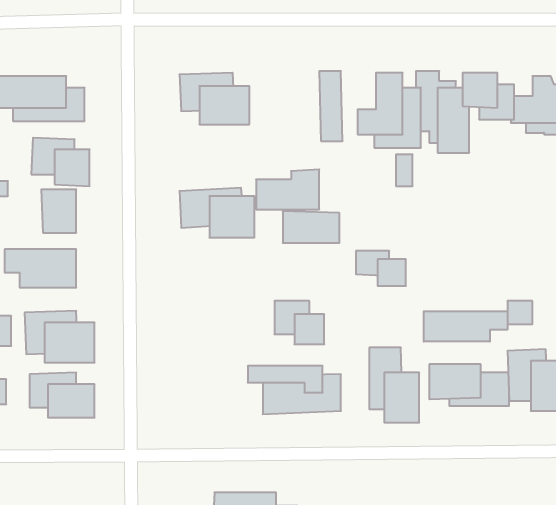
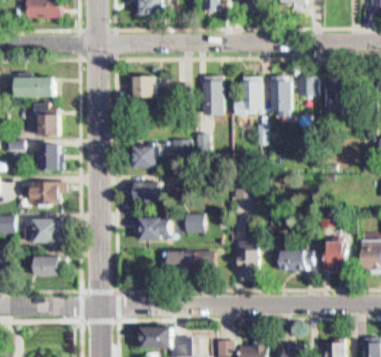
building: [283,211,339,243] -> [122,180,156,199]
building: none -> [137,216,170,238]
building: [424,311,507,342] -> none

